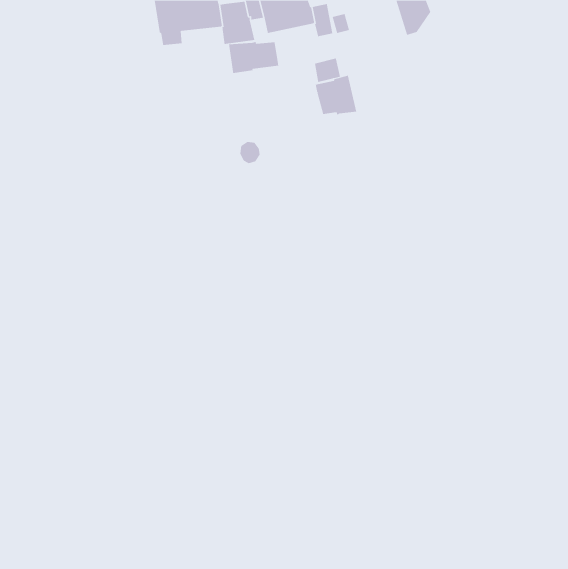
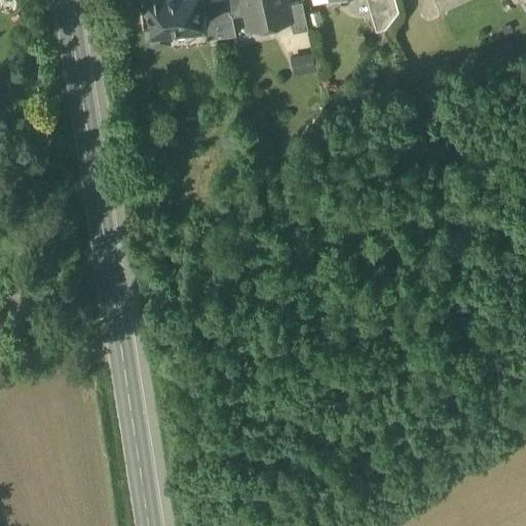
building: [228,41,279,74] -> none
building: [315,75,357,115] -> none

